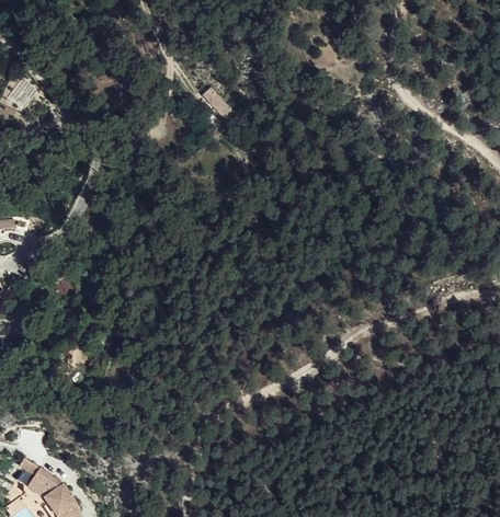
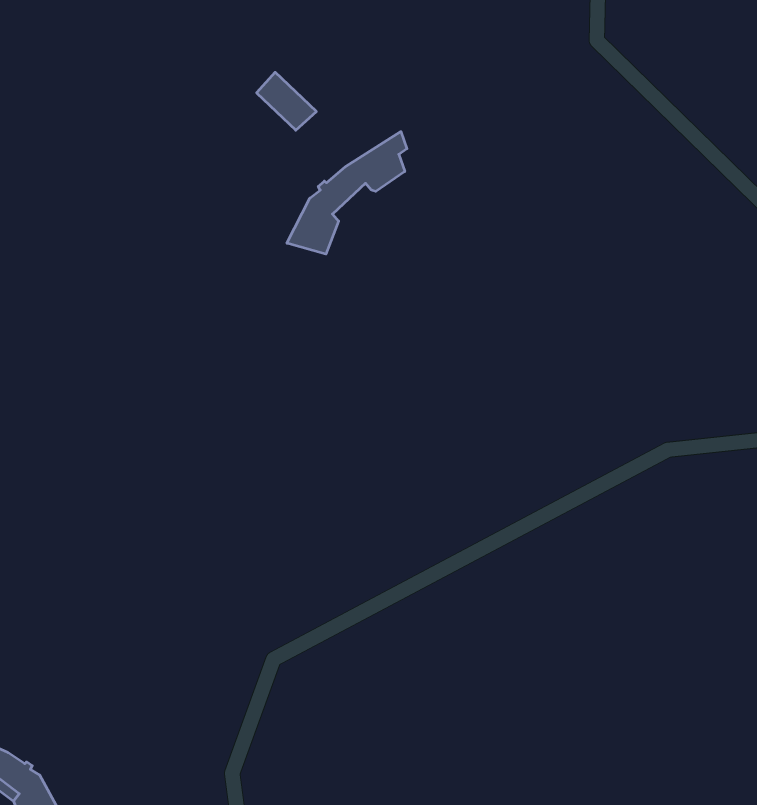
building: none -> [287,132,407,254]

